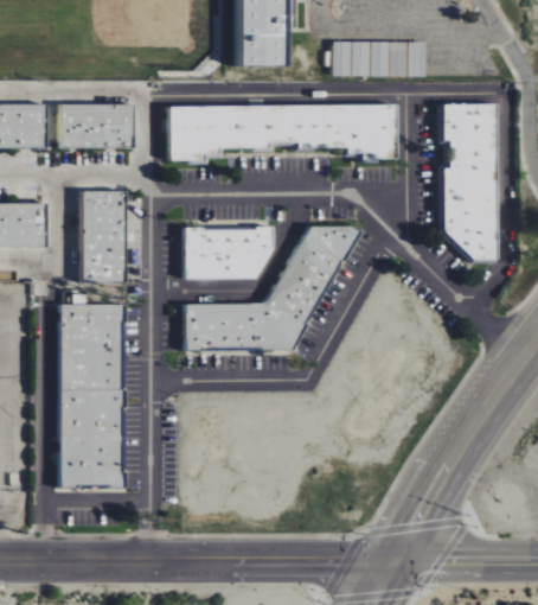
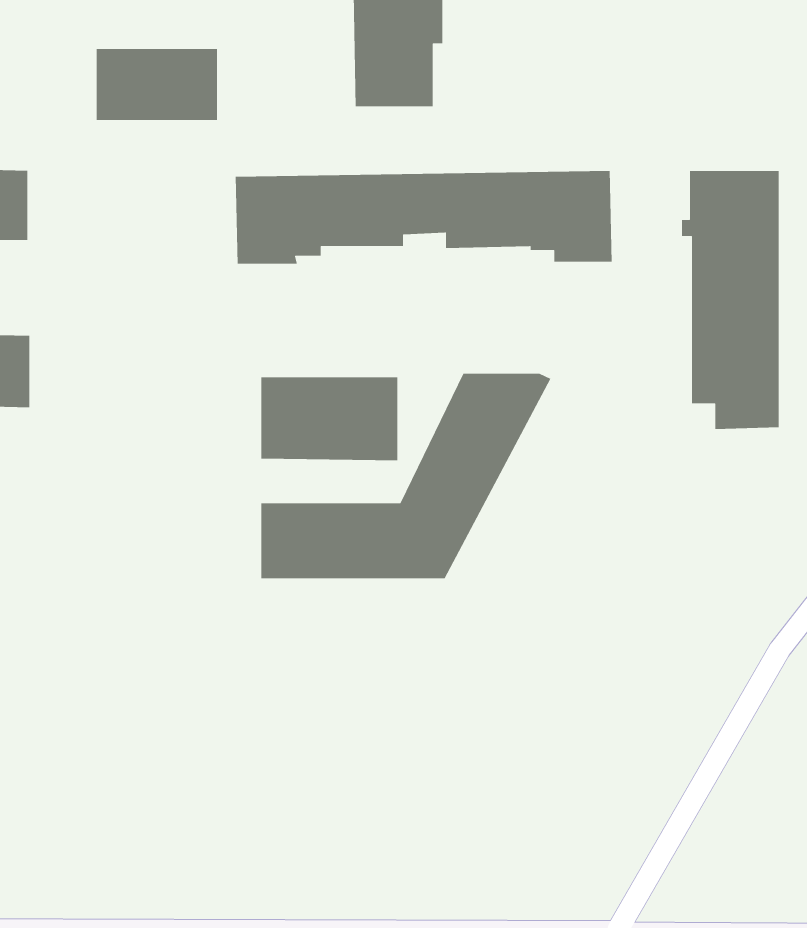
building: [331,42,424,76] -> none
building: [58,103,132,147] -> [96,48,218,121]
building: [75,191,119,281] -> none
building: [58,304,123,488] -> none

